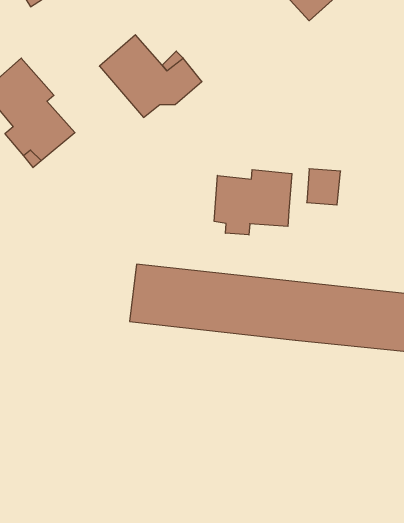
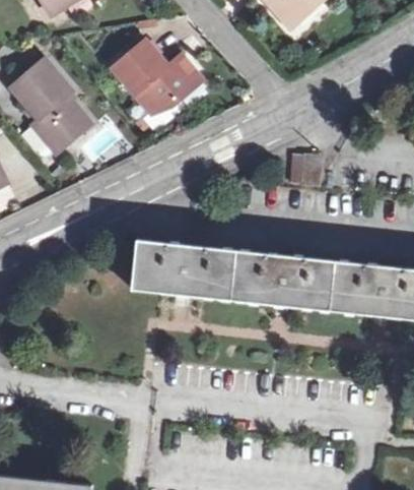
building: [214,170,292,235] -> none

